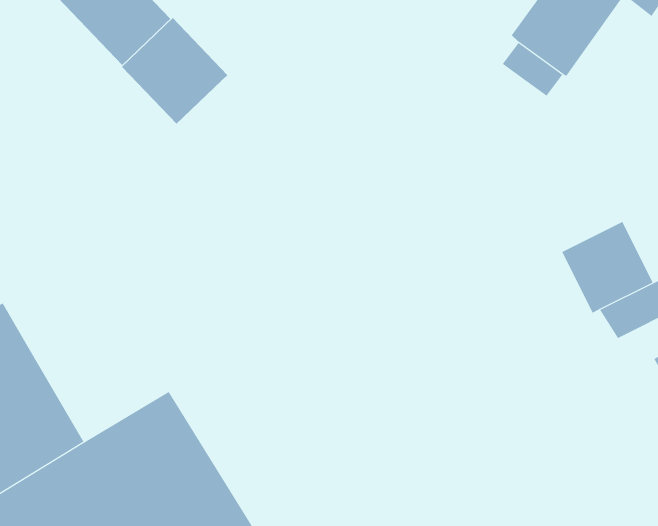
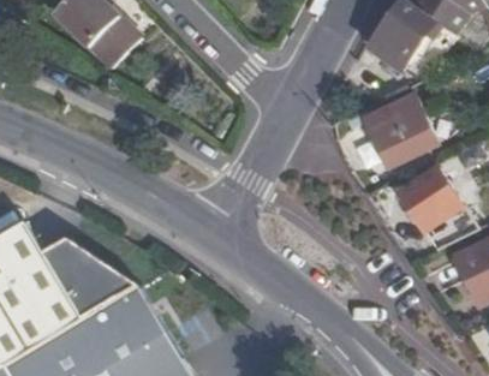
building: [121,17,228,125] -> none
building: none -> [365,91,437,163]
building: none -> [42,239,136,317]

